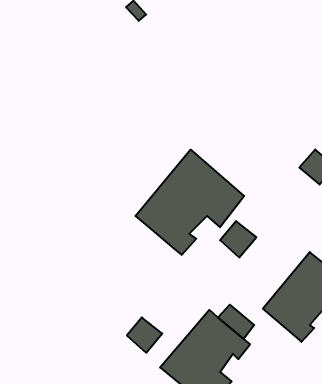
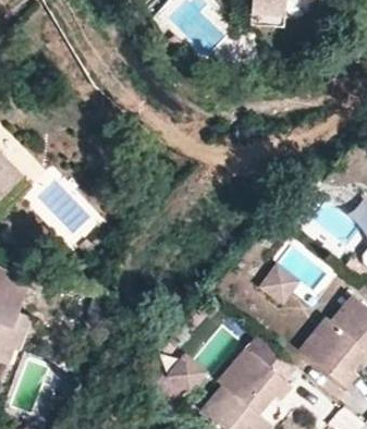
building: [135,150,244,255] -> none

